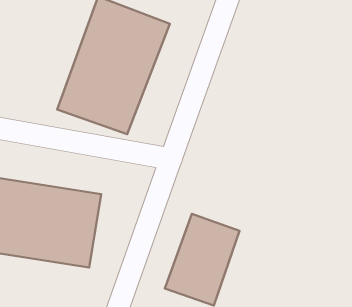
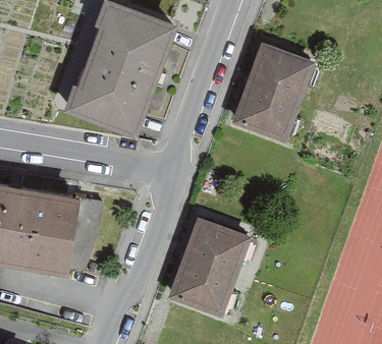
building: none -> [234,45,312,138]

